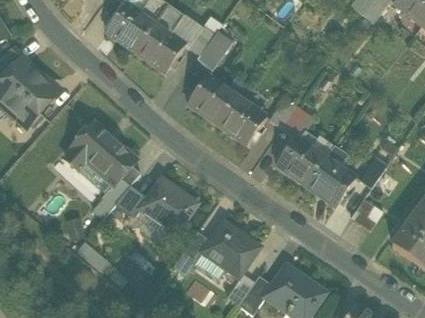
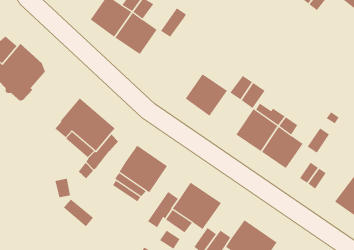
building: [197,29,232,69] -> none
building: [187,73,237,123] -> none
building: [115,185,147,216] -> none

